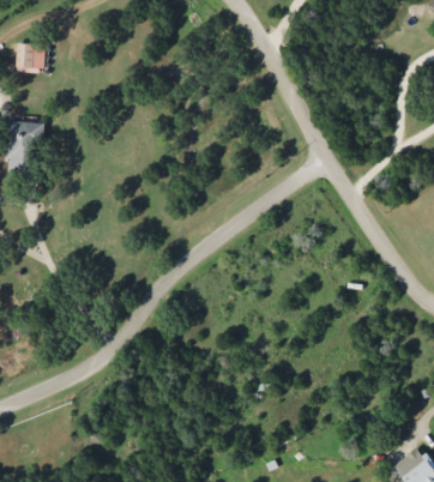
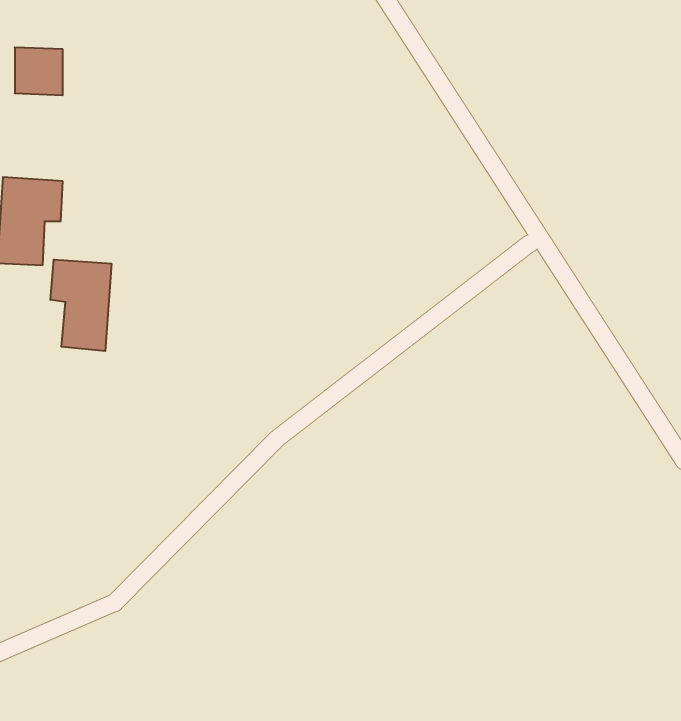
building: none -> [50,259,111,351]

